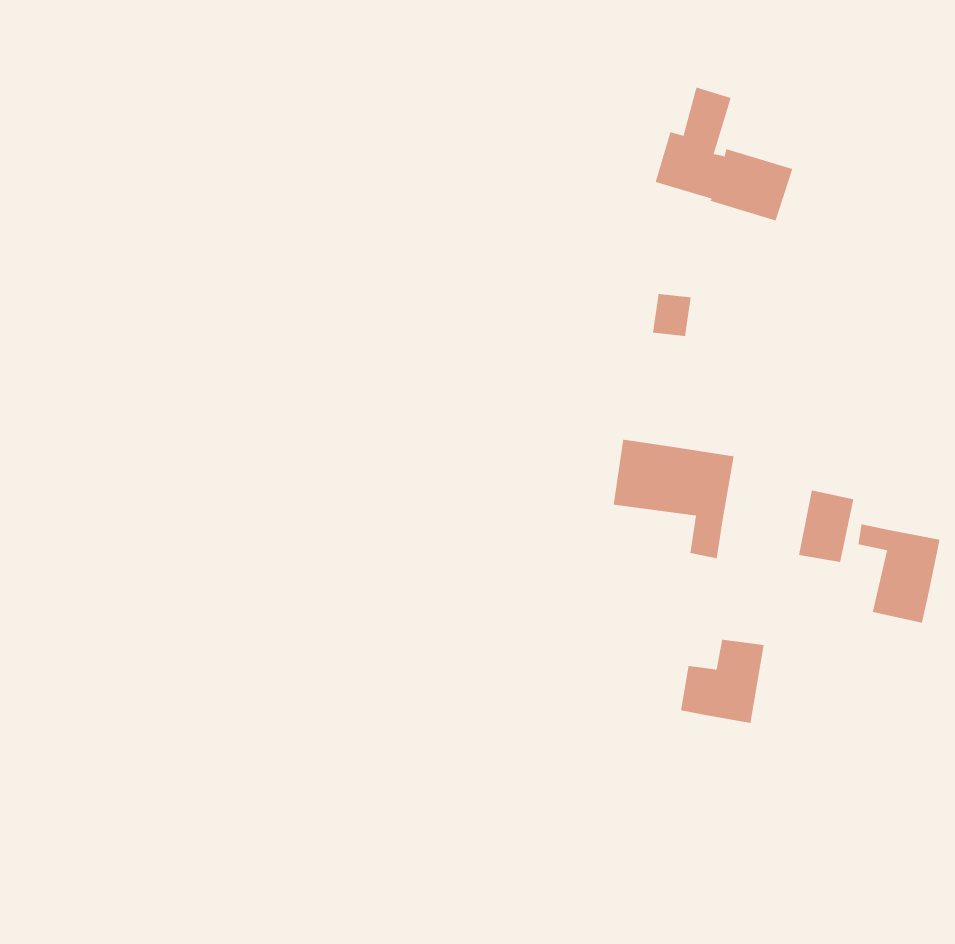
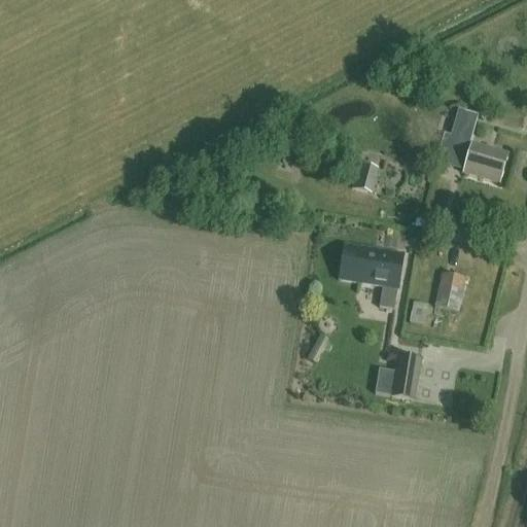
building: [655,87,793,221] -> [435,106,512,180]
building: [858,523,940,623] -> none

